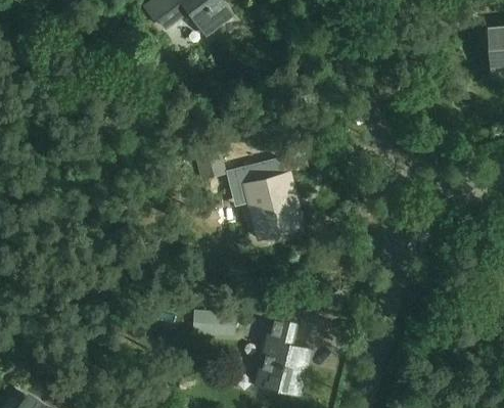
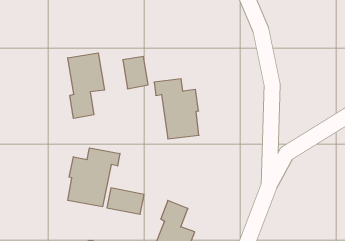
building: none -> [68,53,104,118]
building: none -> [68,148,120,207]

